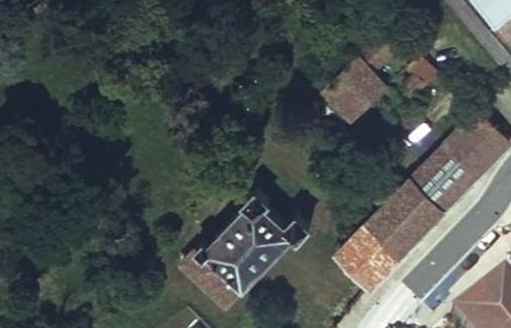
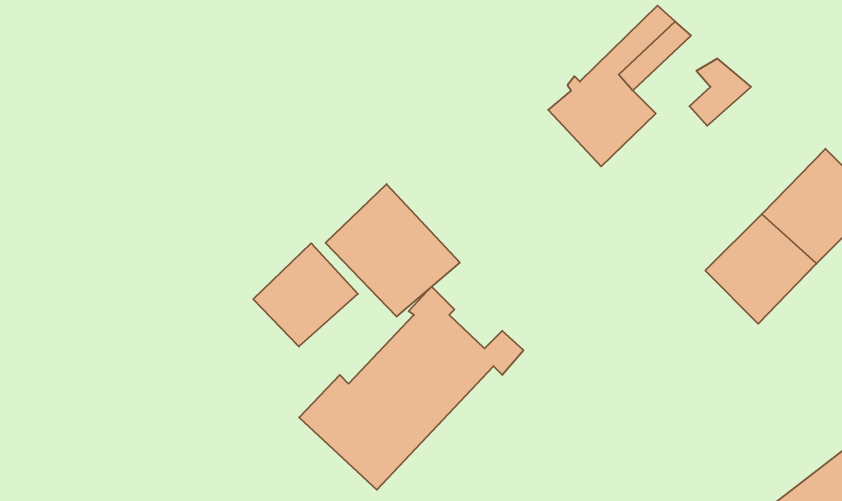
building: none -> [326,184,460,317]
building: none -> [253,243,358,347]
building: [340,180,443,287] -> none

